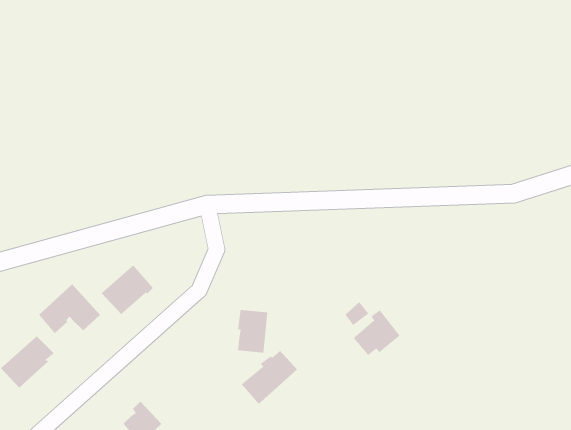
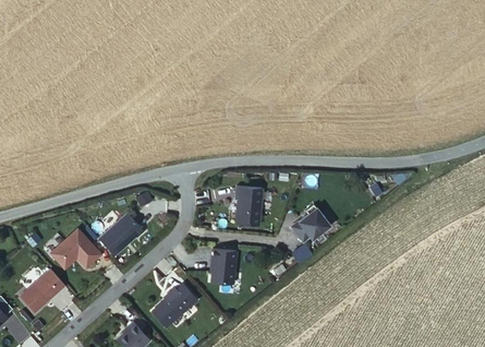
building: none -> [233,186,260,226]
building: [353,310,401,356] -> [292,204,330,241]
building: [241,350,298,405] -> [150,284,196,327]

